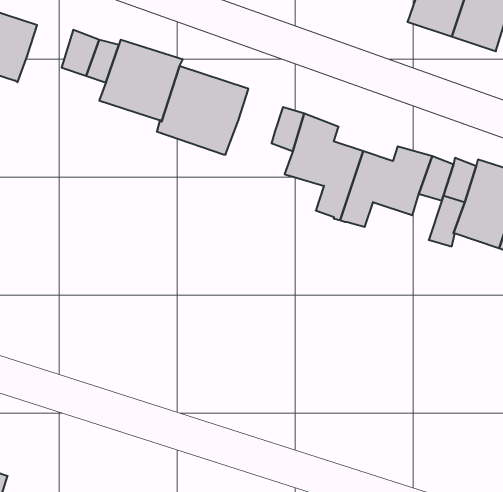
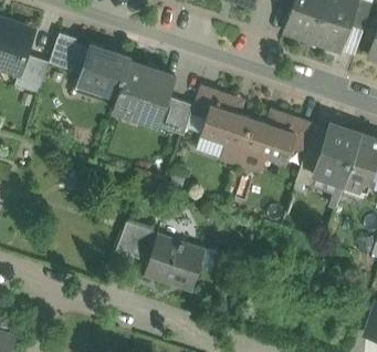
building: none -> [14,54,50,94]
building: none -> [158,97,193,135]
building: none -> [115,221,154,260]
building: none -> [143,232,206,292]

